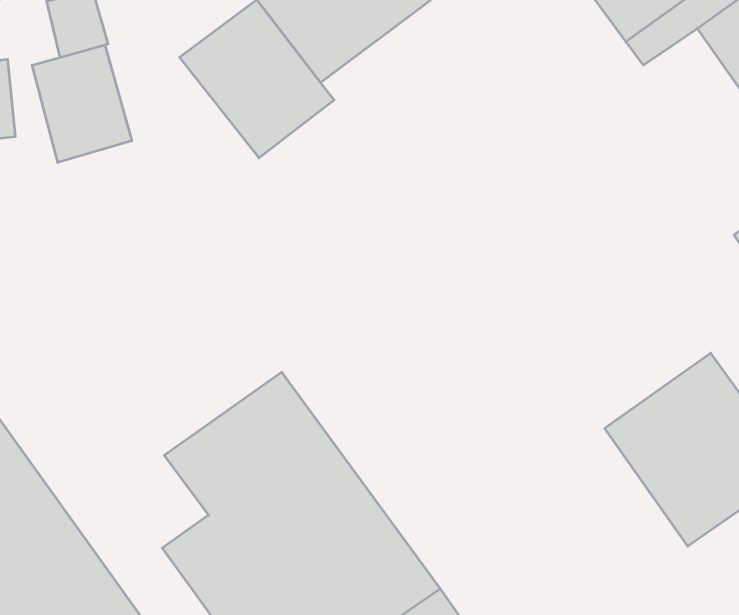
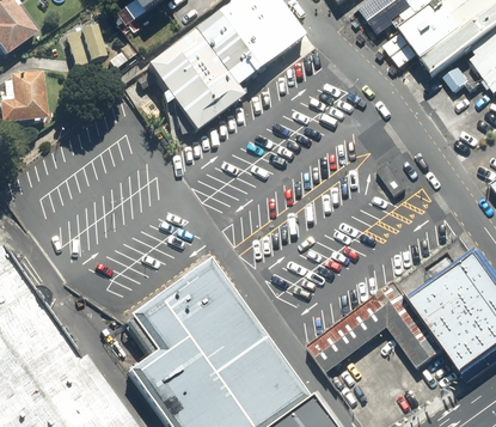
building: [32,45,132,163] -> none
building: none -> [306,279,442,370]

